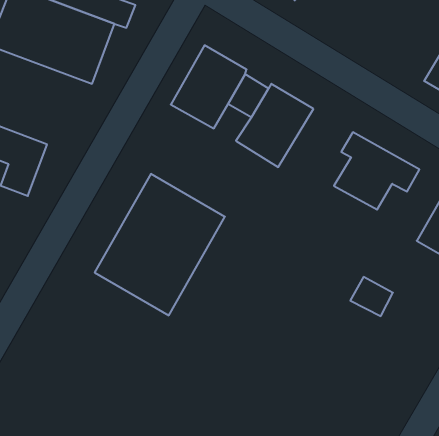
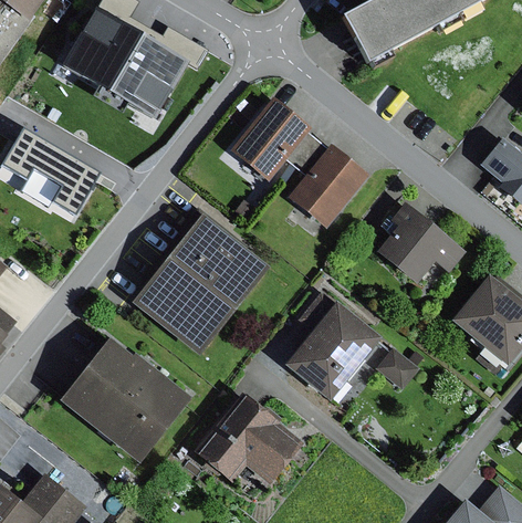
building: none -> [285,289,384,401]
building: none -> [59,337,187,462]
building: none -> [198,394,300,483]

